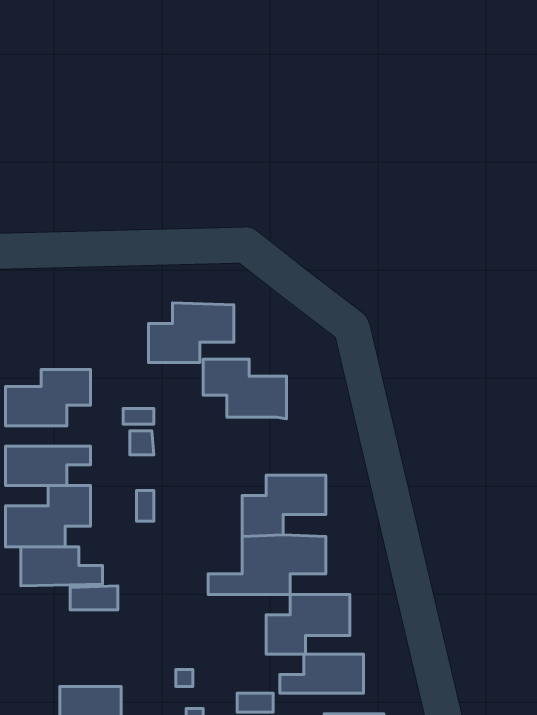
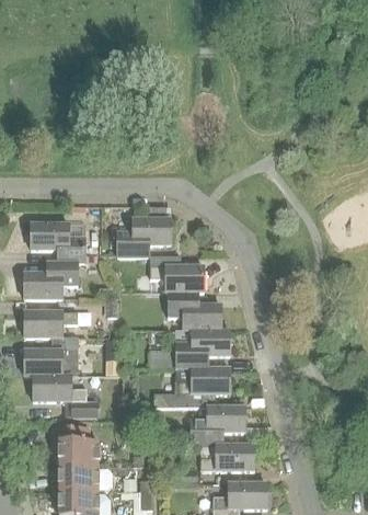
building: none -> [30,222,83,261]
building: none -> [166,291,220,329]
building: none -> [53,425,97,465]

